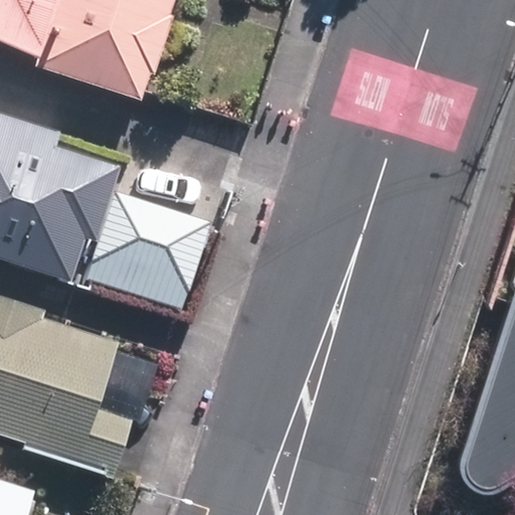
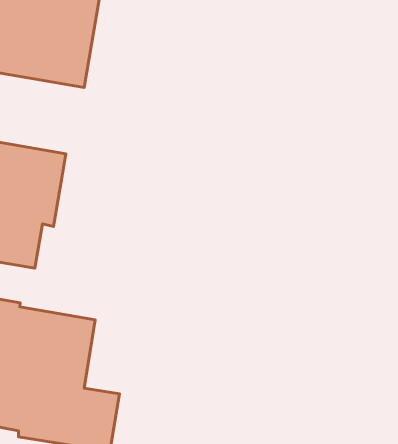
building: [80,189,209,308] -> none

